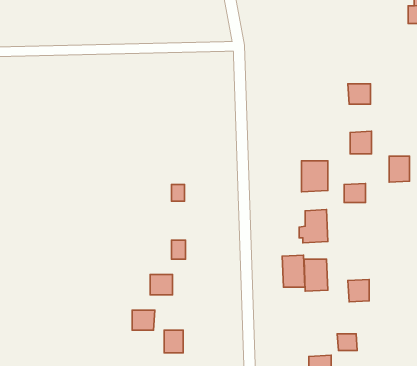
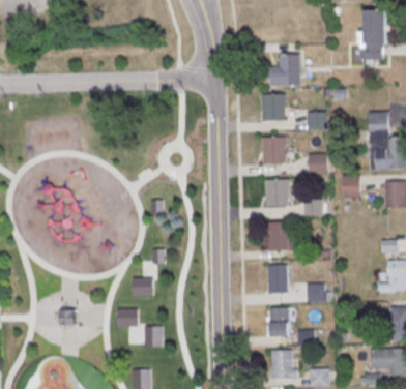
building: none -> [269,53,300,87]
building: none -> [261,94,284,121]
building: none -> [262,137,285,163]
building: [282,255,305,287] -> [269,307,289,335]

